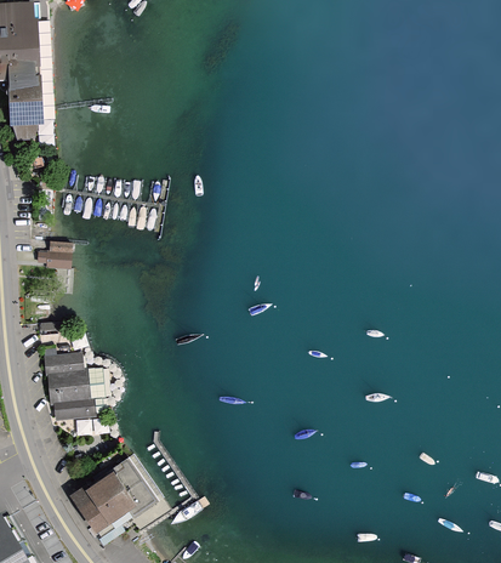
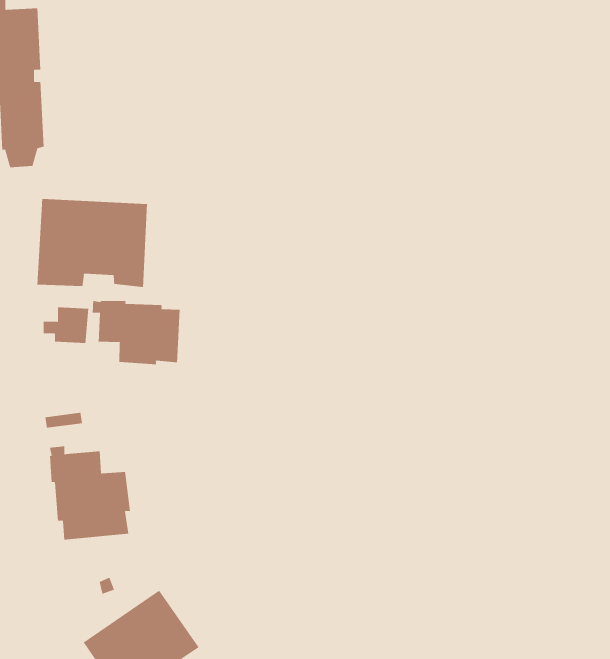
building: none -> [37,198,148,288]
building: none -> [92,300,180,365]

